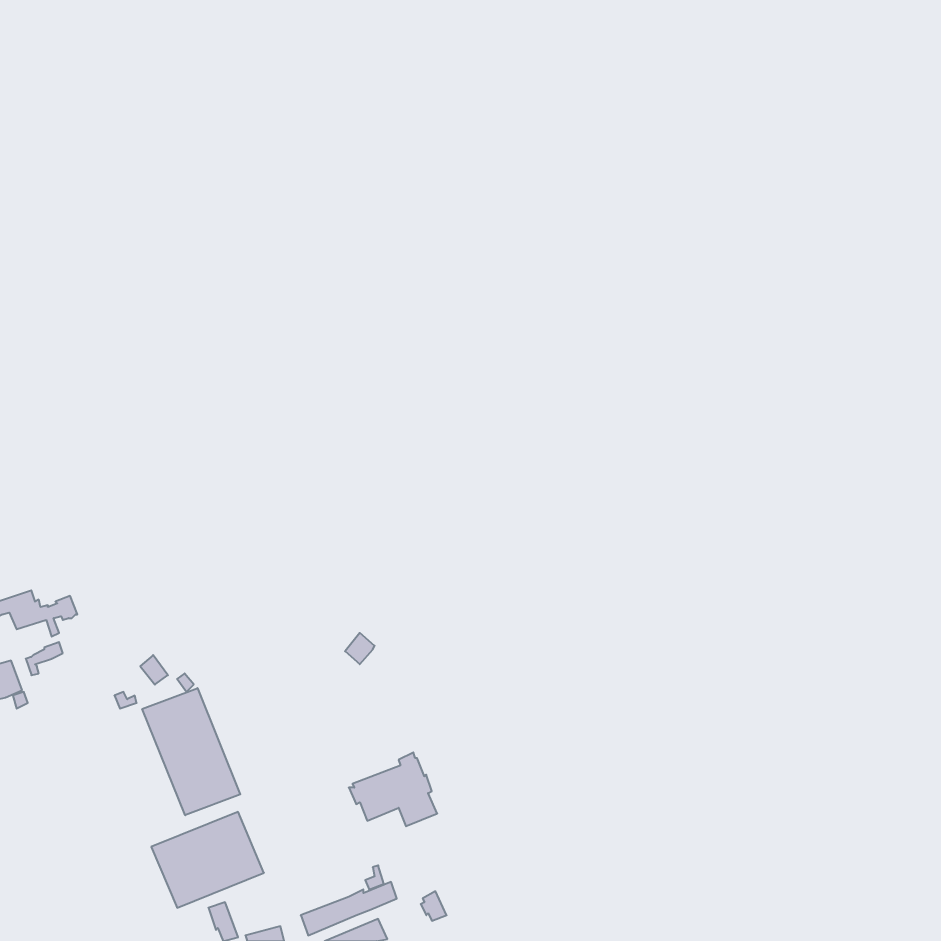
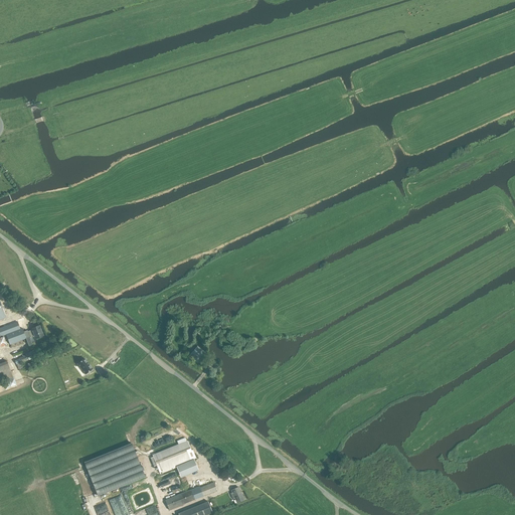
building: [142,688,240,815] -> none
building: [349,752,437,826] -> [149,437,197,477]

